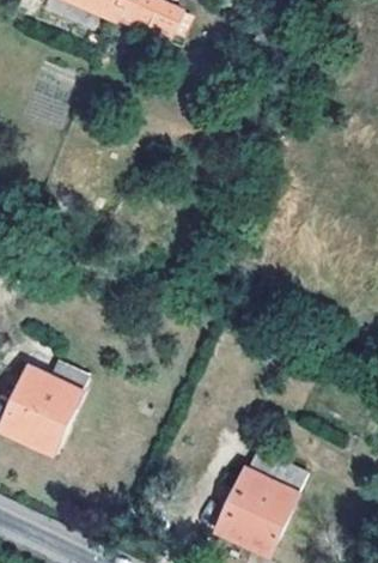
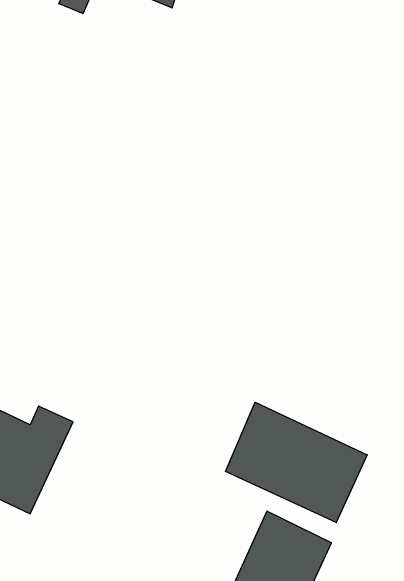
building: none -> [225,402,367,523]

